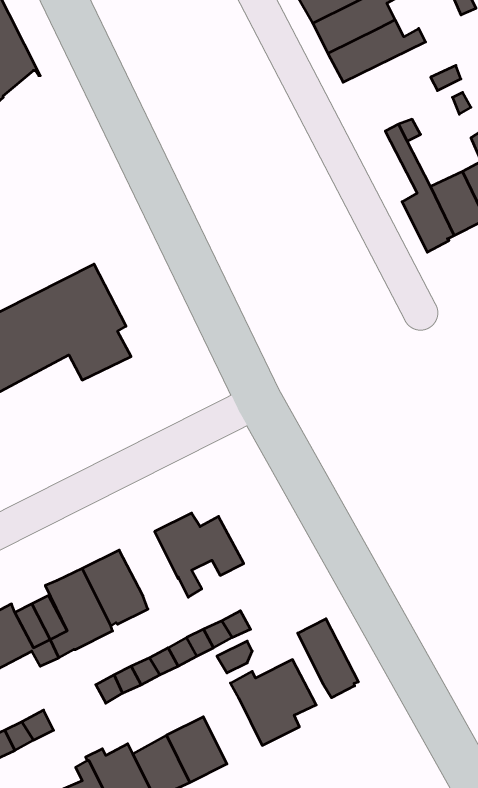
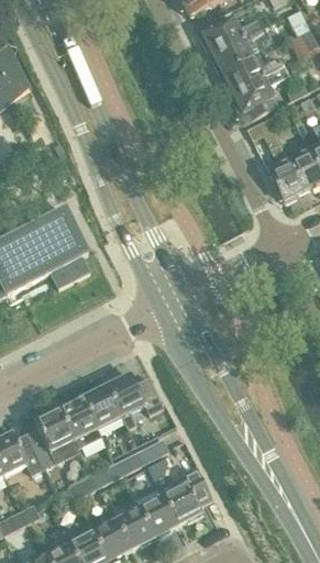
building: none -> [229,65,287,117]
building: none -> [82,385,121,427]
building: [298,619,358,698] -> none
building: none -> [137,494,176,537]

